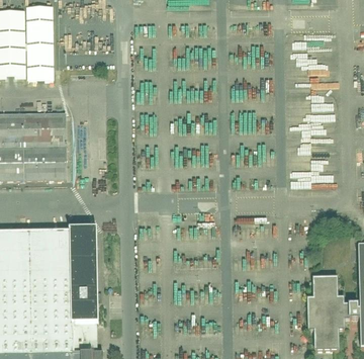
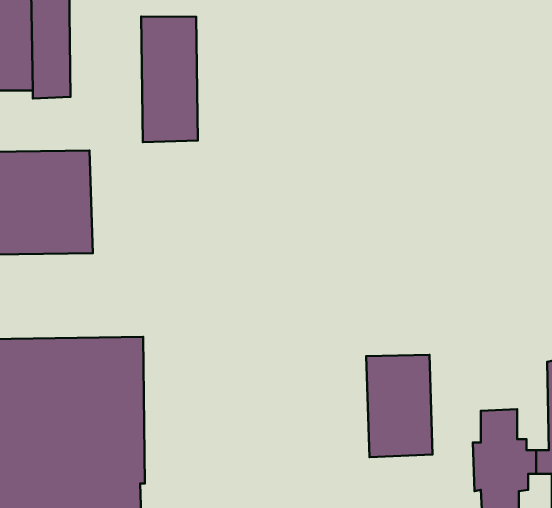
building: none -> [141,17,198,142]
building: none -> [366,355,433,457]

